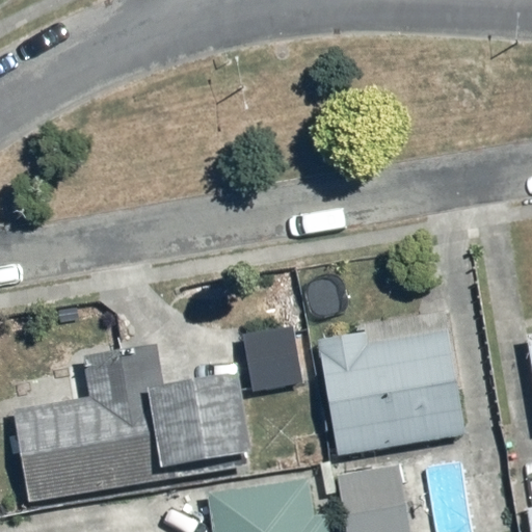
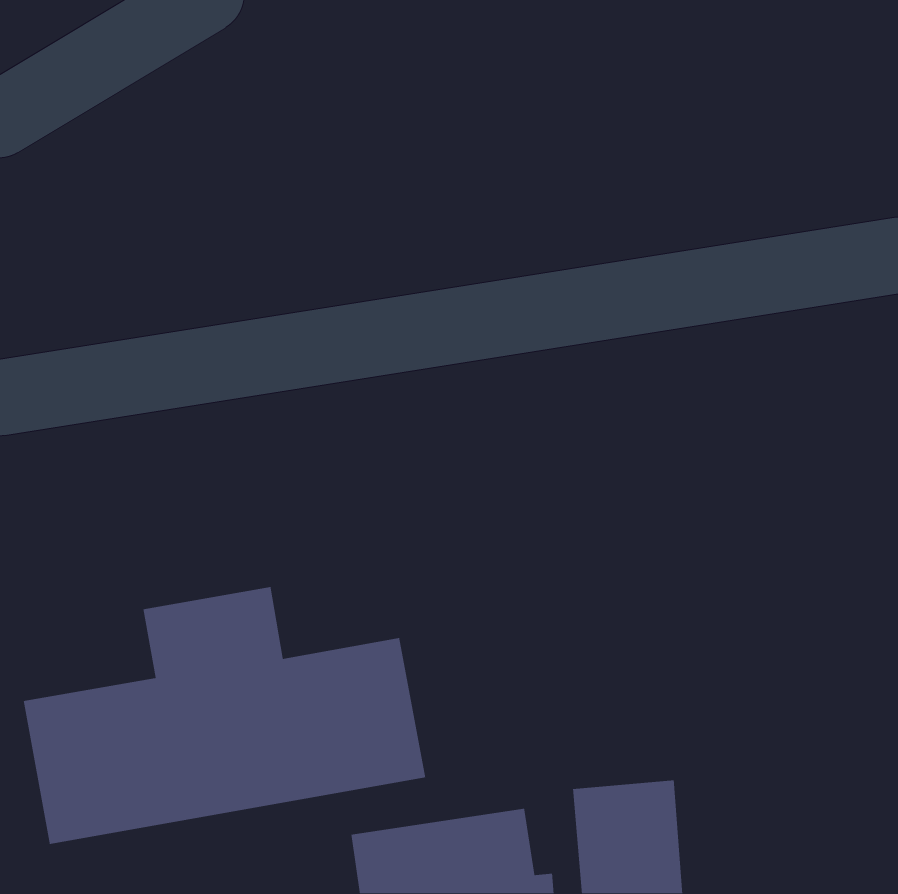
building: [237,325,308,395] -> none
building: [318,328,464,456] -> none

